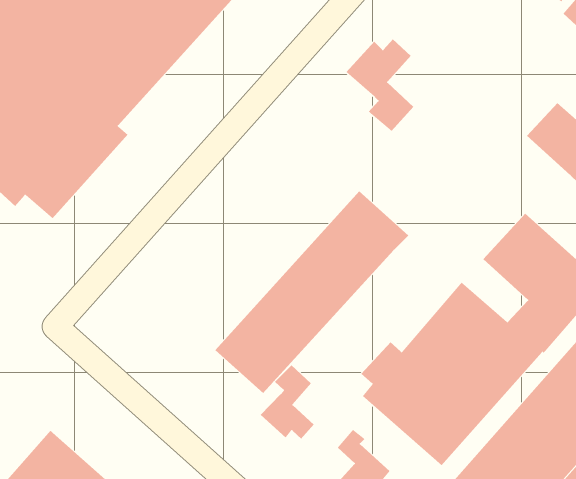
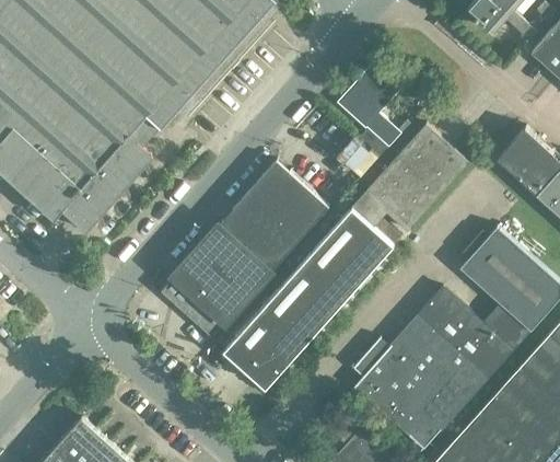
building: none -> [352,125,469,232]
building: none -> [161,160,328,335]
building: [260,365,314,439] -> none

